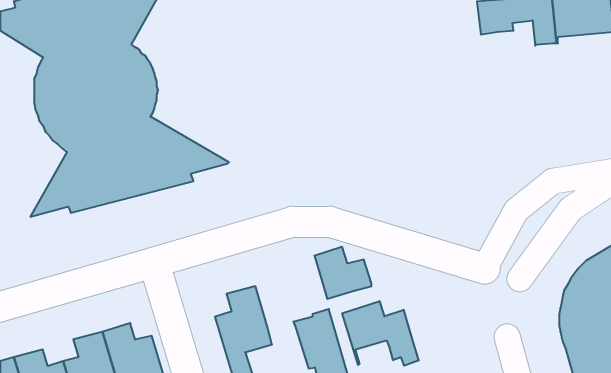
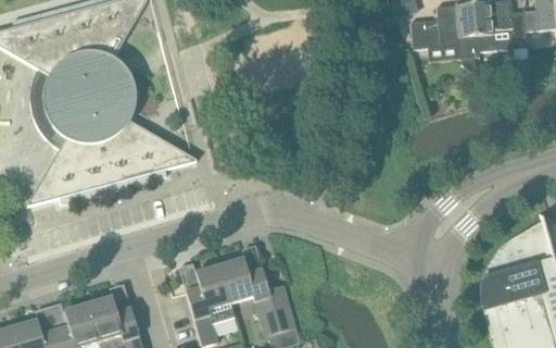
building: [314,247,371,299] -> [220,258,269,302]
building: [342,301,419,366] -> none

